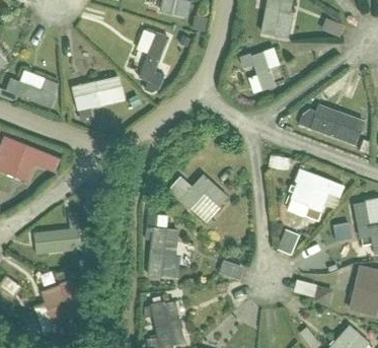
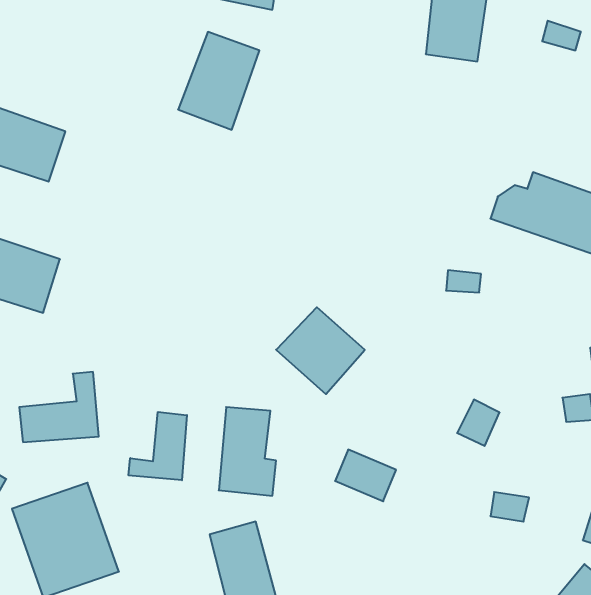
building: [240,43,285,91] -> none
building: [76,74,126,111] -> none
building: [281,170,344,220] -> none
building: none -> [129,412,187,480]

